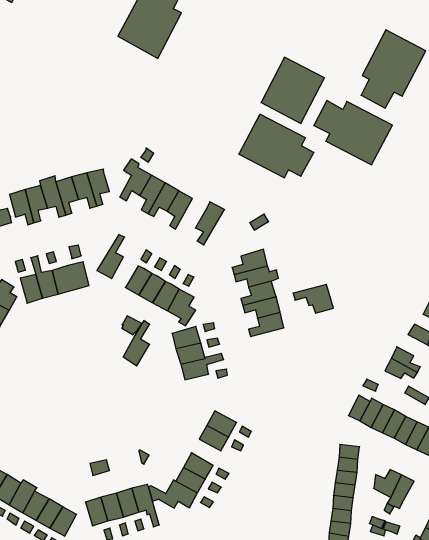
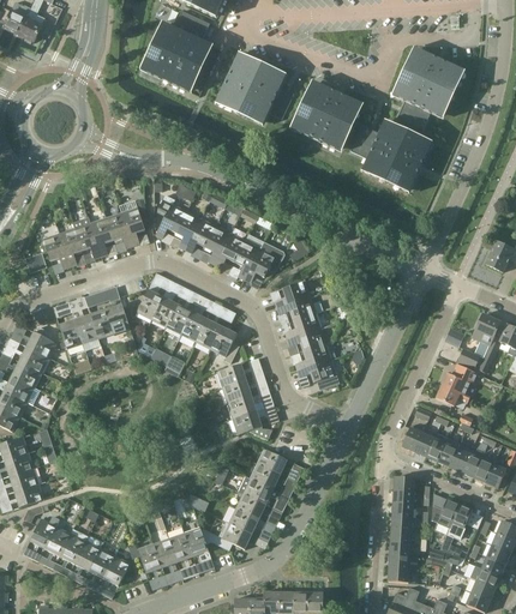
building: [239,114,314,178] -> [216,58,293,121]
building: none -> [214,233,245,269]
building: none -> [244,242,283,283]
building: [293,284,333,313] -> [296,360,338,390]
building: [123,321,150,366] -> [151,281,178,327]
building: none -> [232,411,271,440]
building: none -> [236,476,288,505]

